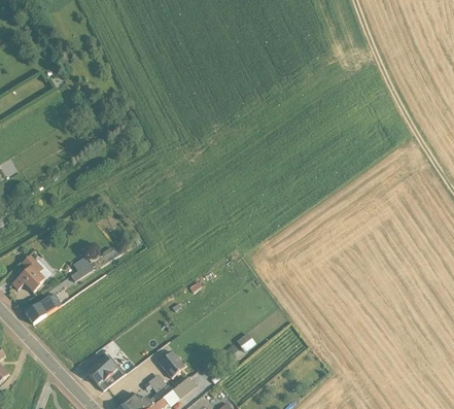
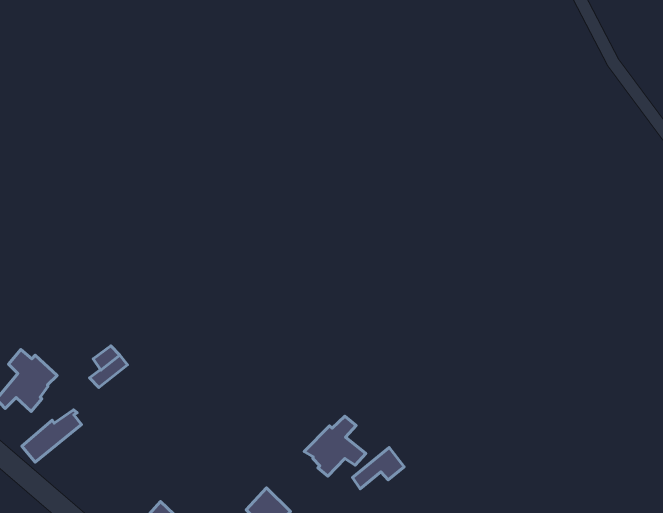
building: none -> [304,416,366,476]

